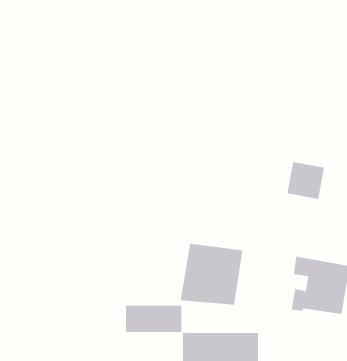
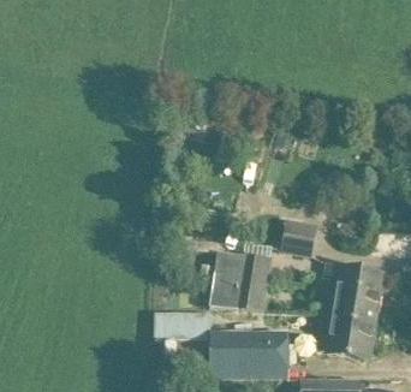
building: [287,161,325,200] -> [281,218,320,256]
building: none -> [315,315,373,357]

